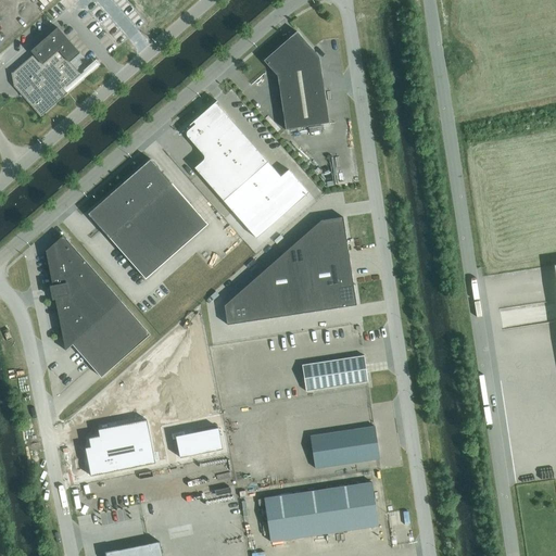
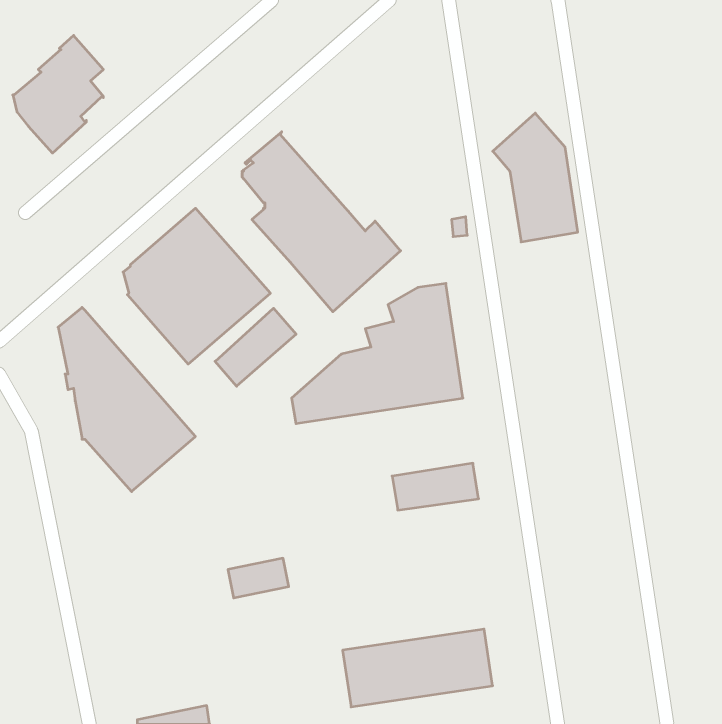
building: [263,31,328,130] -> [493,113,578,242]
building: none -> [215,308,296,386]
building: [85,420,154,476] -> none
building: [309,426,379,468] -> none

